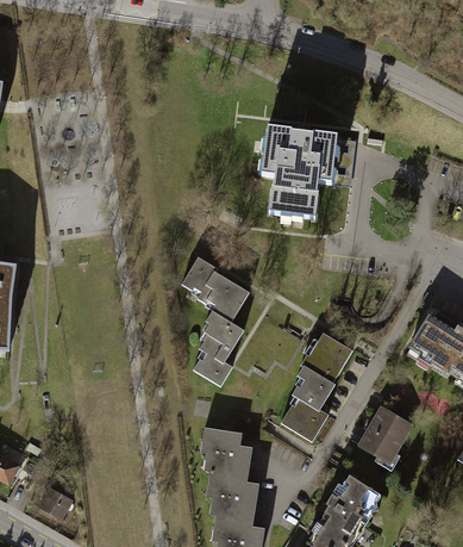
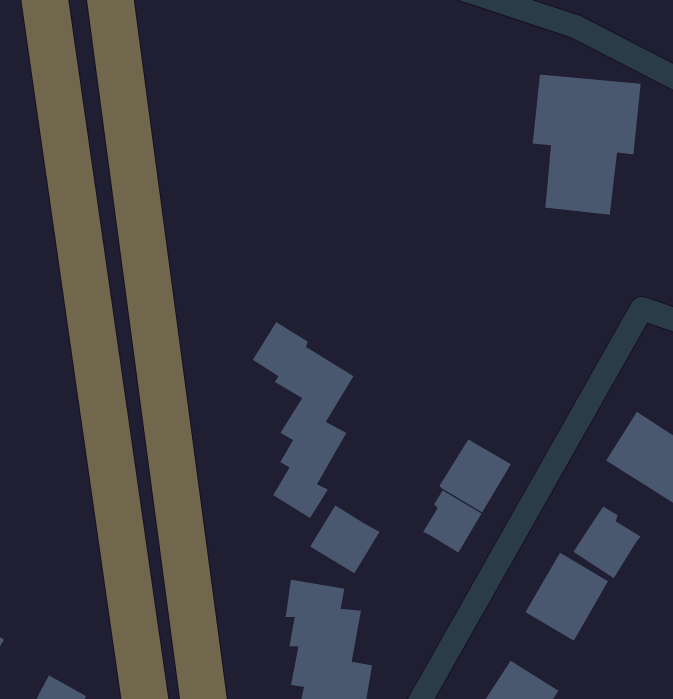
building: [261,129,332,220] -> [532,74,642,215]
building: none -> [573,506,641,579]
building: [280,396,326,441] -> [309,505,381,574]

